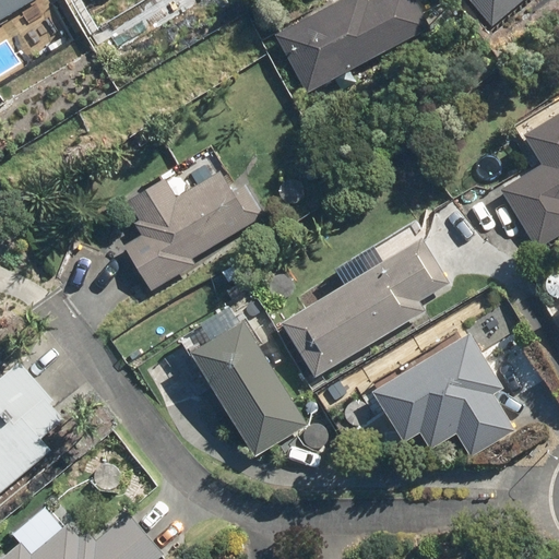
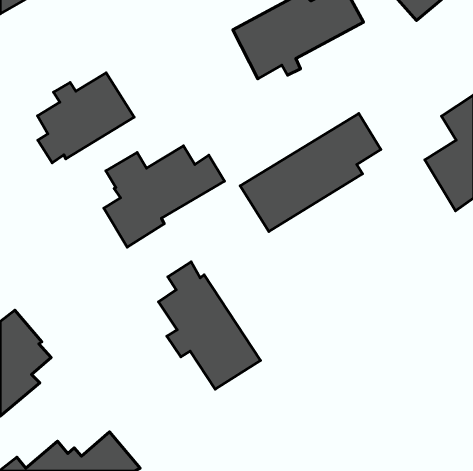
building: none -> [37,73,134,163]
building: [281,239,447,378] -> [240,113,381,231]
building: [372,334,515,455] -> none

